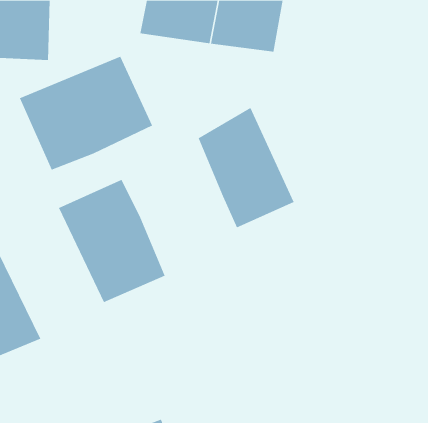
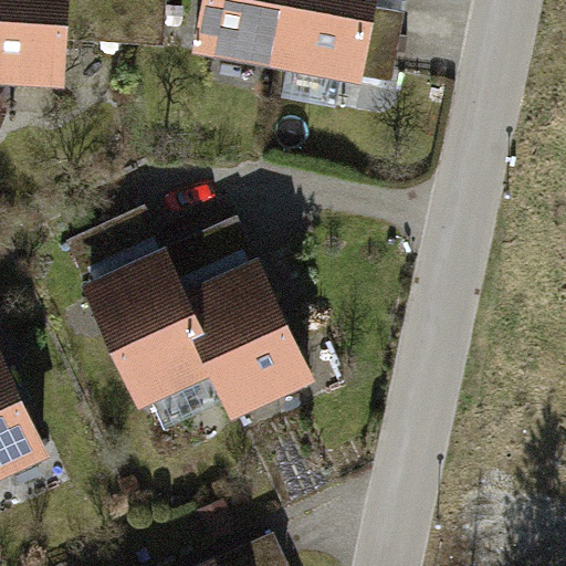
building: [19,56,153,171] -> none
building: [198,107,295,228] -> [186,254,313,413]

